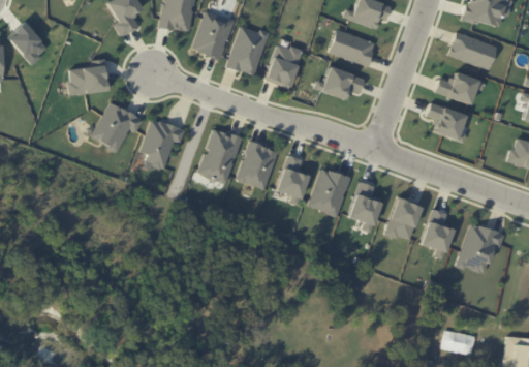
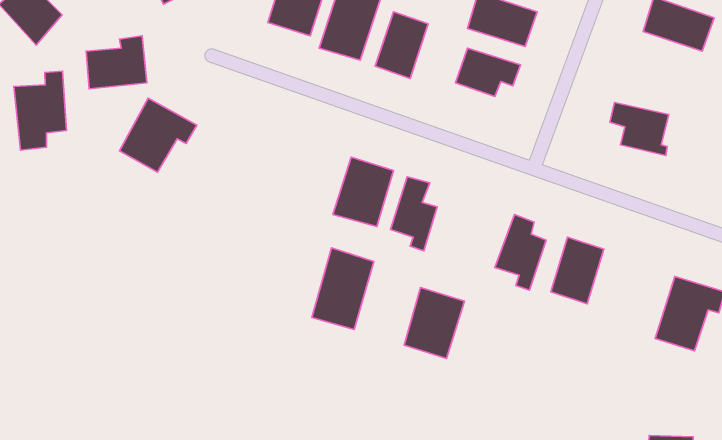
building: [434,72,485,103] -> none
building: none -> [14,71,67,150]
building: [141,119,184,170] -> none
building: [198,128,241,184] -> [312,248,374,330]
building: [309,167,350,216] -> [404,288,465,359]
building: [421,208,453,259] -> none

